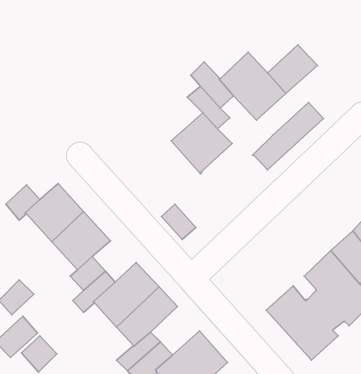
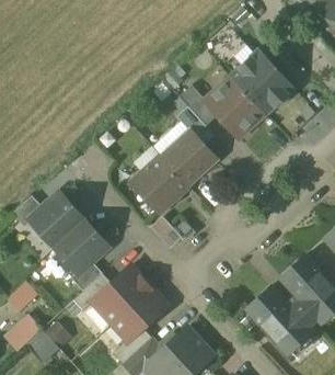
building: none -> [231,52,276,95]
building: [252,103,324,170] -> none
building: none -> [132,157,188,213]

